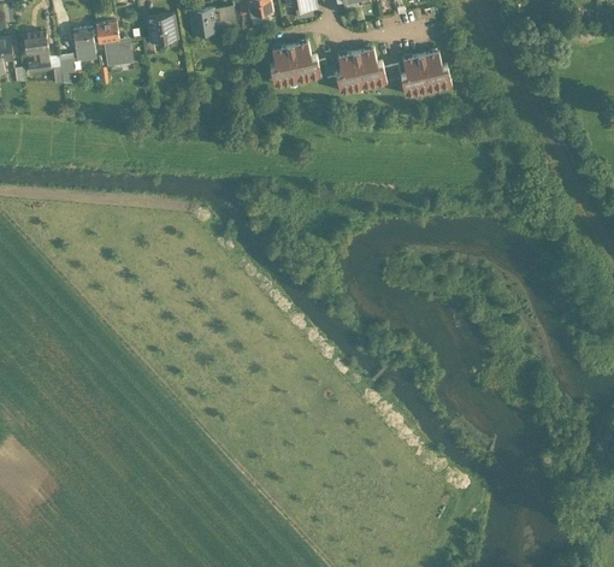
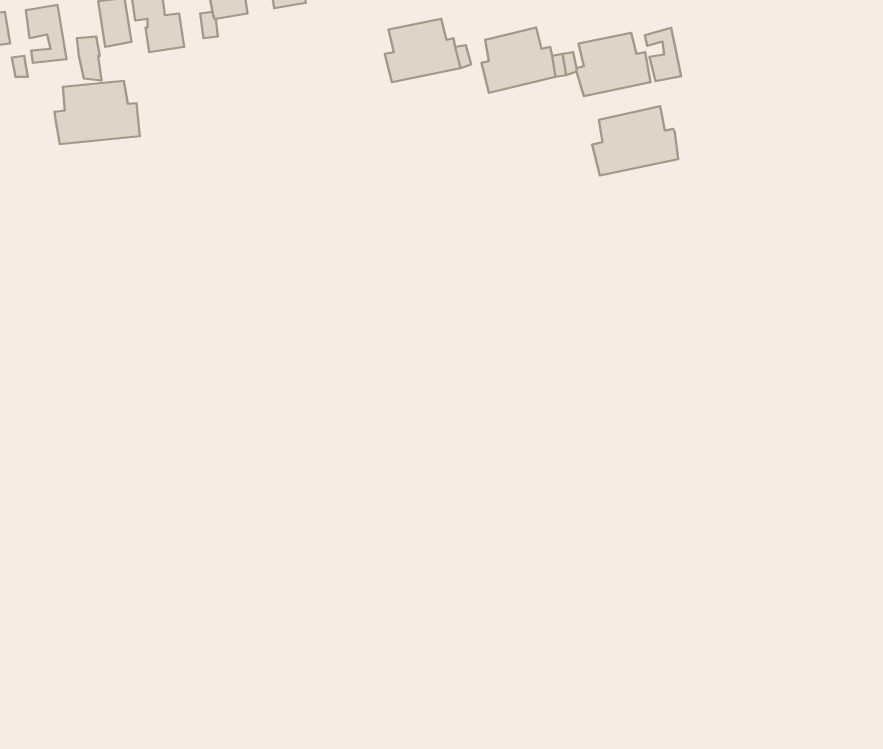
building: none -> [645,28,681,81]
building: none -> [54,81,140,144]
building: none -> [592,106,678,176]

